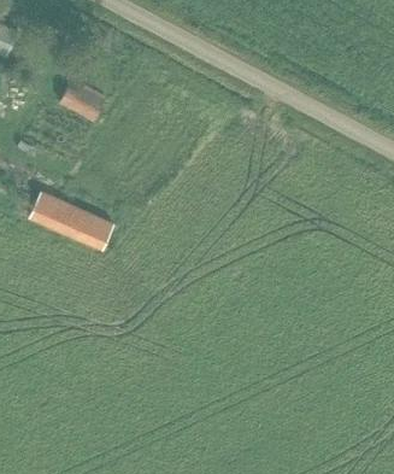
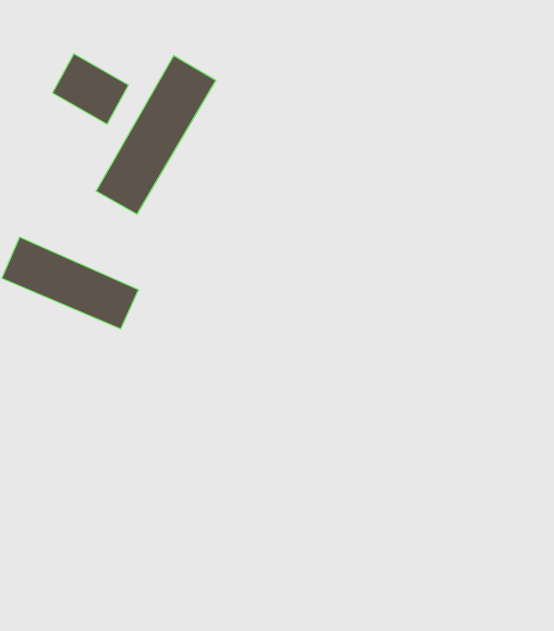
building: none -> [96,56,216,214]

